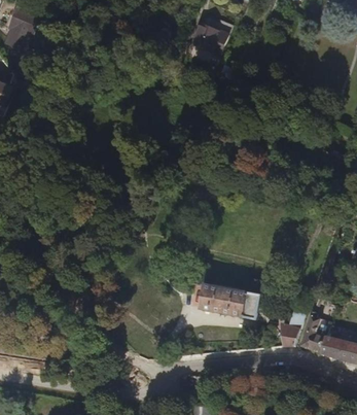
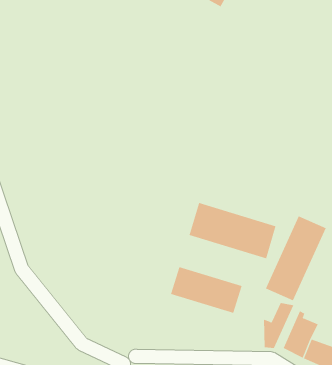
building: none -> [189,202,276,259]
building: none -> [265,215,327,301]

